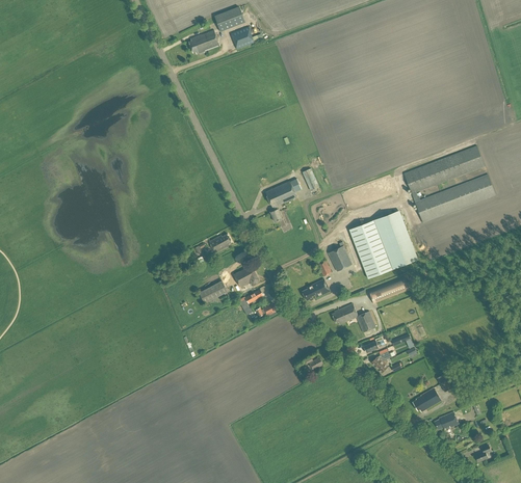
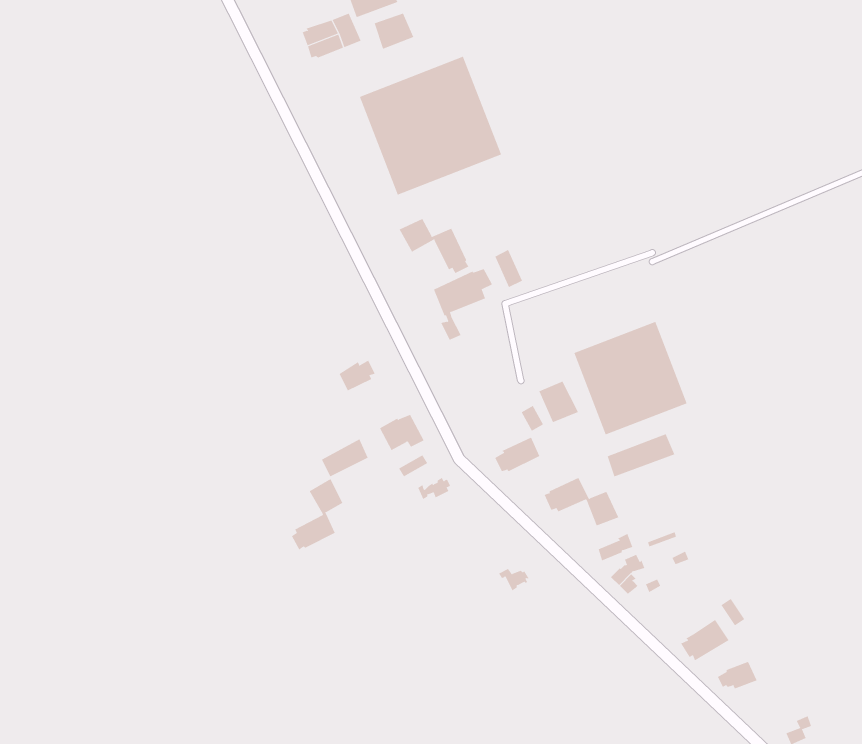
building: none -> [359,56,502,195]
building: [403,145,495,222] -> none
building: none -> [399,218,469,274]
building: none -> [291,478,343,550]

